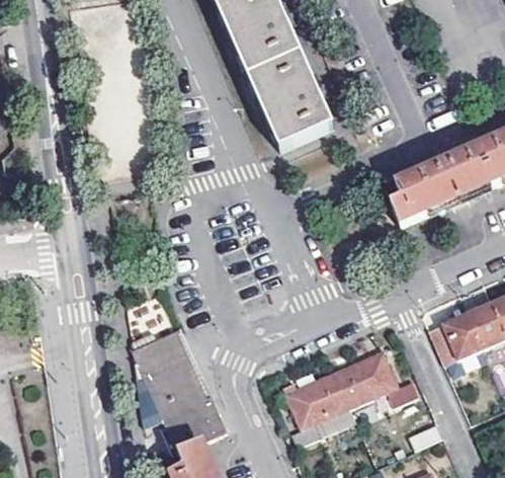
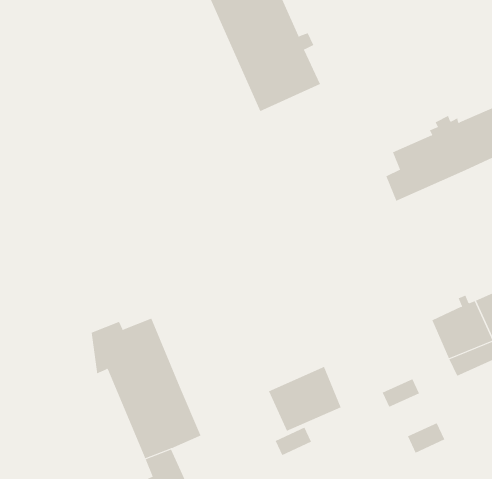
building: [336,350,400,408] -> none

